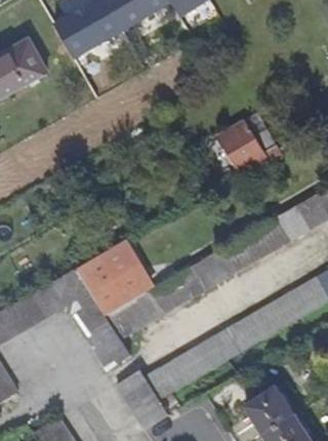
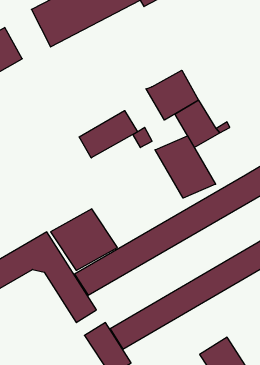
building: none -> [146,70,198,120]
building: none -> [79,111,138,158]
building: none -> [155,136,216,198]

